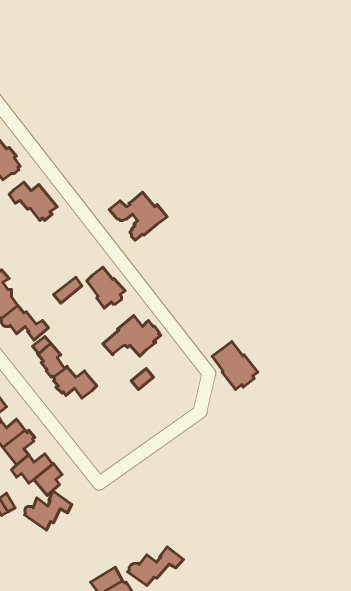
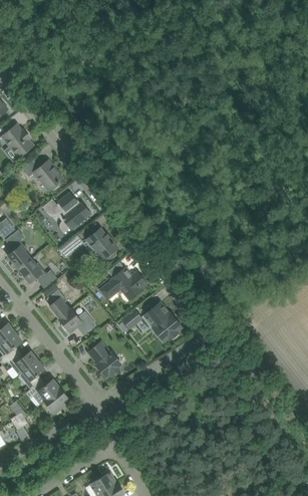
building: [109,192,167,240] -> [43,193,90,232]
building: [212,341,258,390] -> [144,302,182,341]
building: none -> [88,341,121,377]
building: [25,491,72,530] -> none
building: [128,547,184,585] -> none

